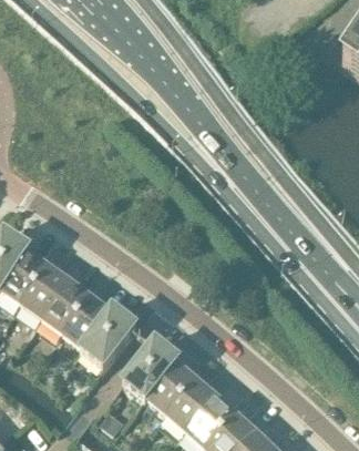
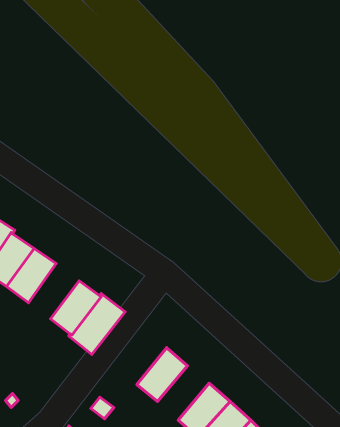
building: [42,279,91,332] -> none
building: [123,340,178,400] -> none
building: [166,378,216,430] -> none

